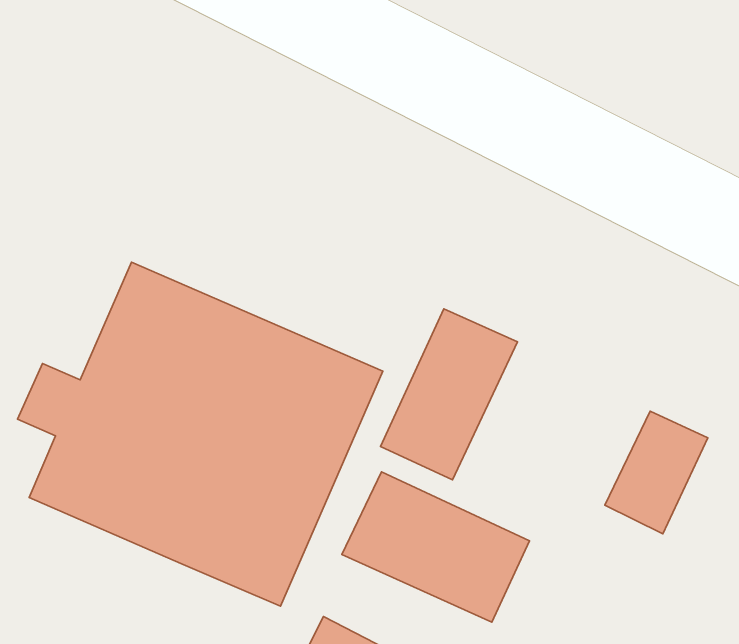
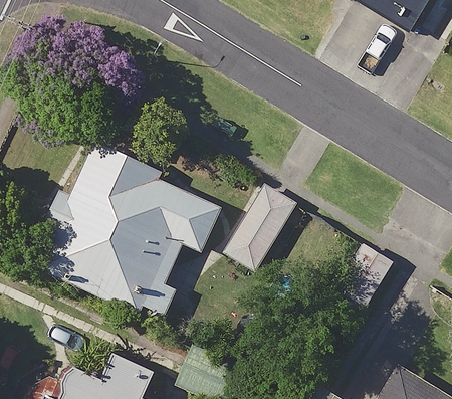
building: [342,472,529,622] -> none

